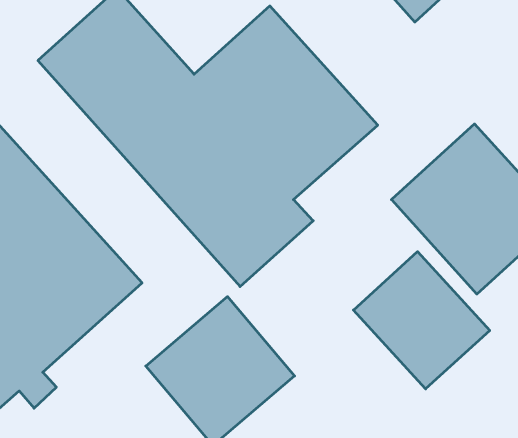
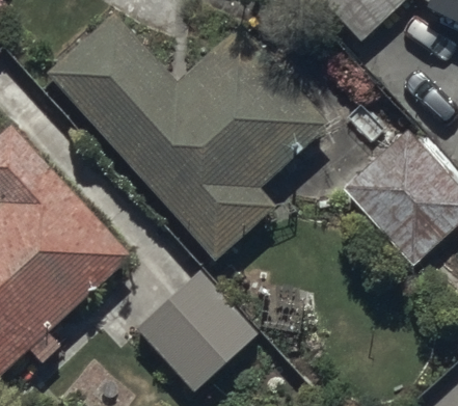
building: [353,252,490,389] -> none

